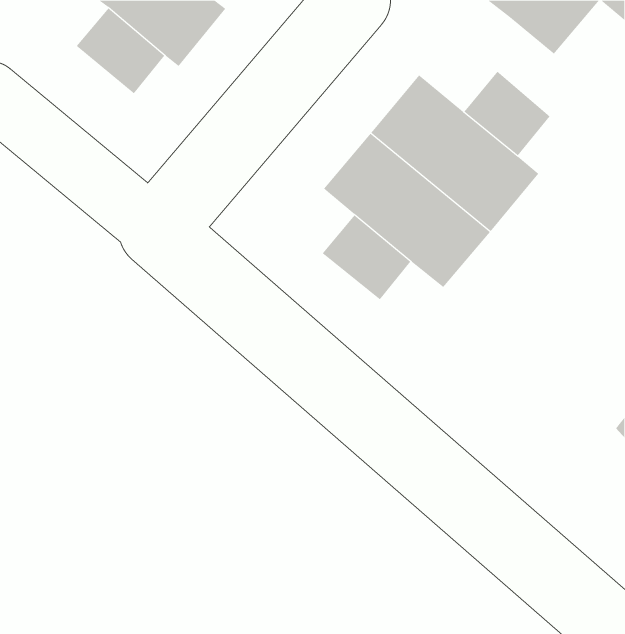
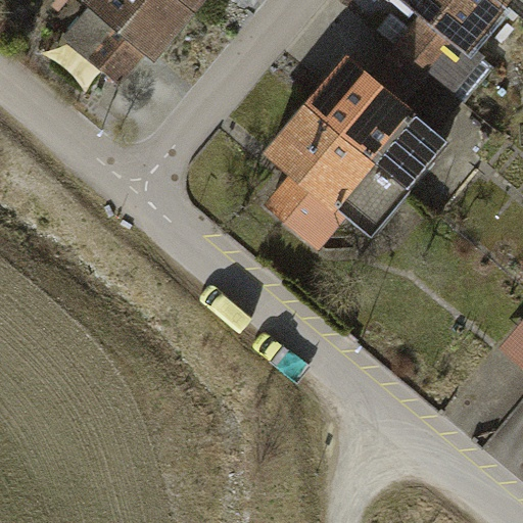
building: none -> [393,14,479,96]

